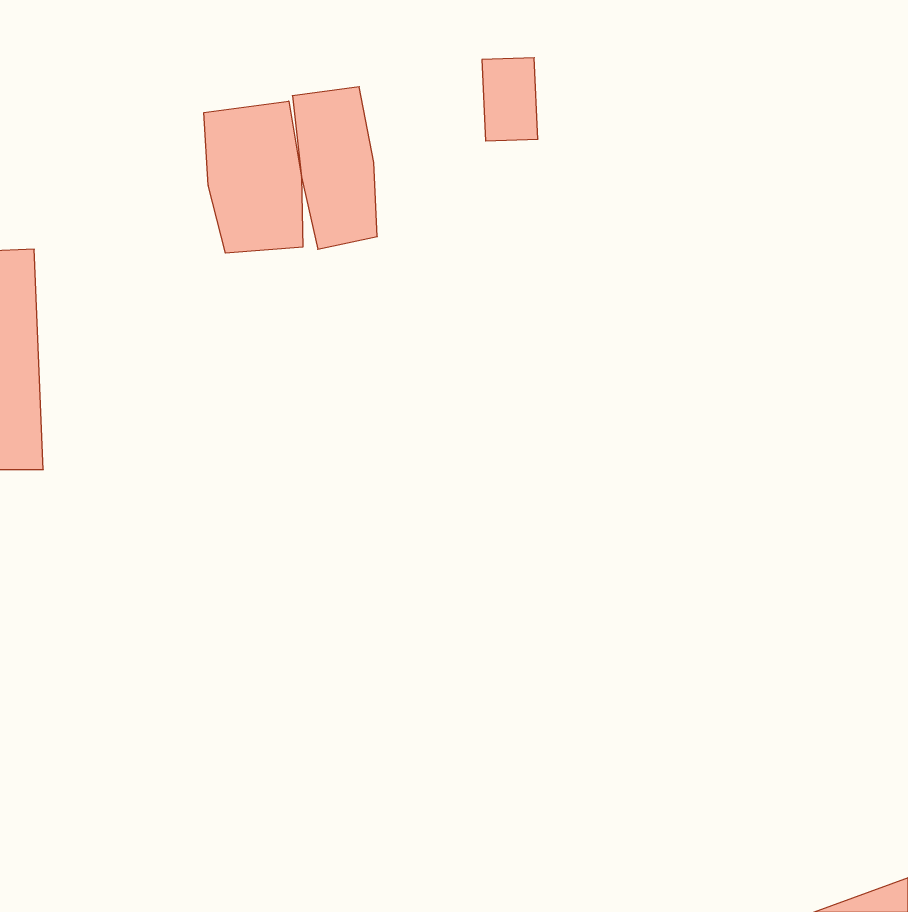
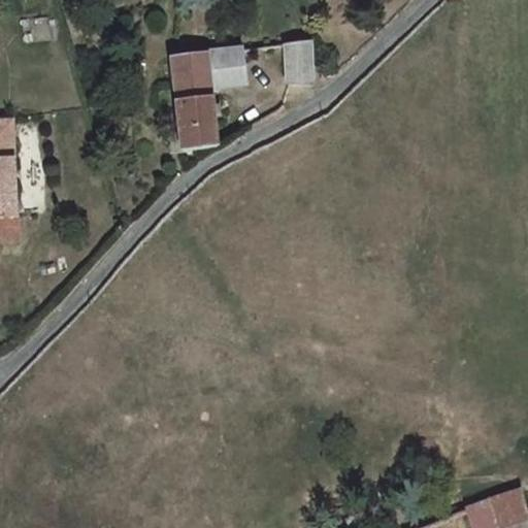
building: none -> [205,45,251,93]
building: [204,101,303,253] -> none

